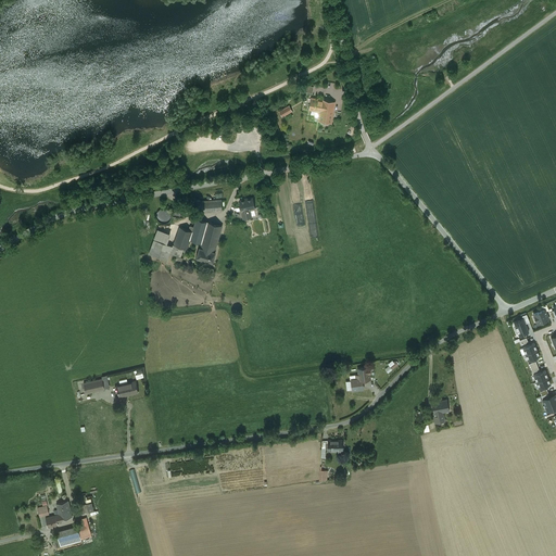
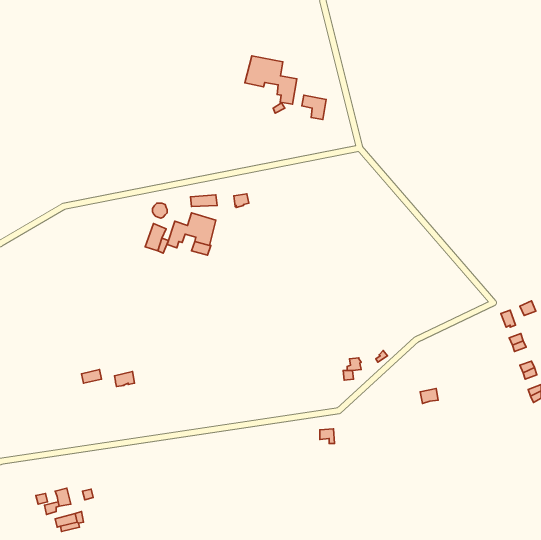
building: none -> [245,56,297,104]

